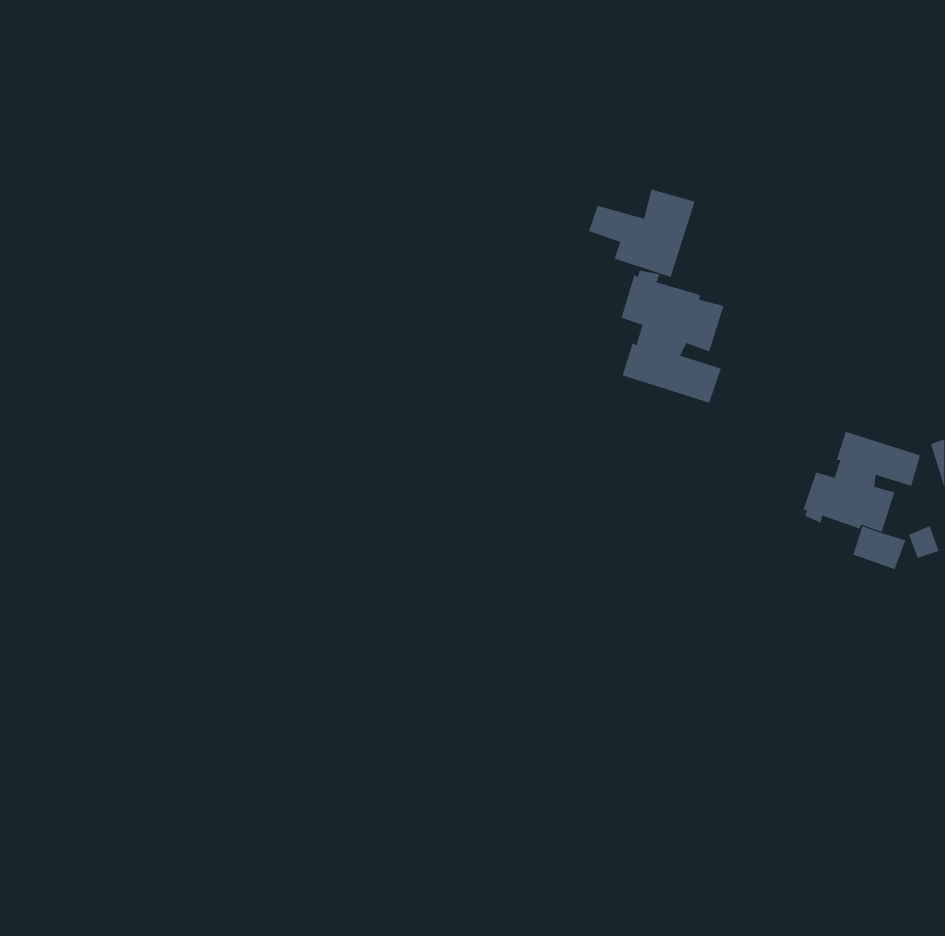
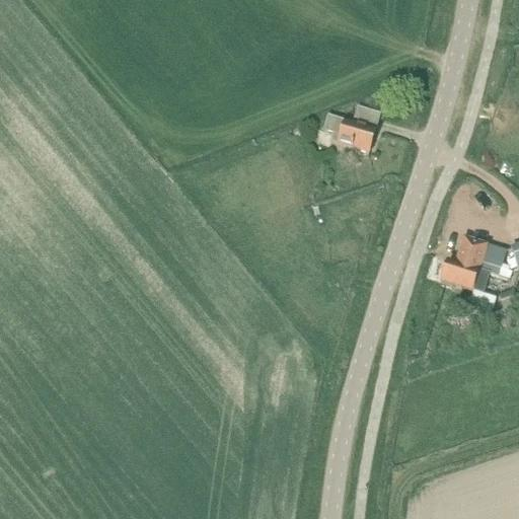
building: [621,270,724,404] -> none

